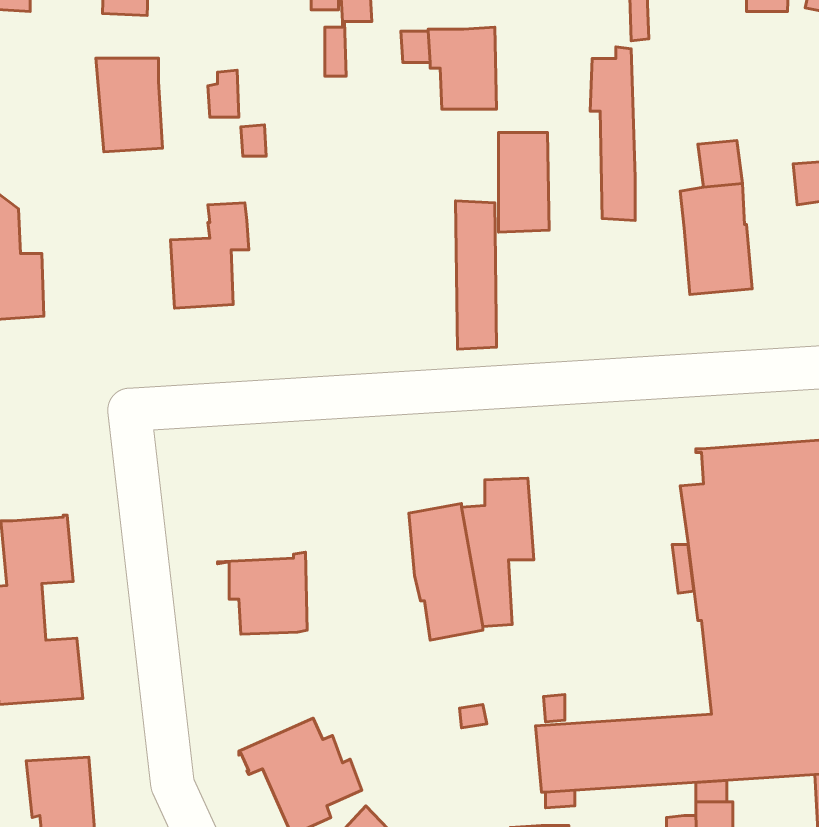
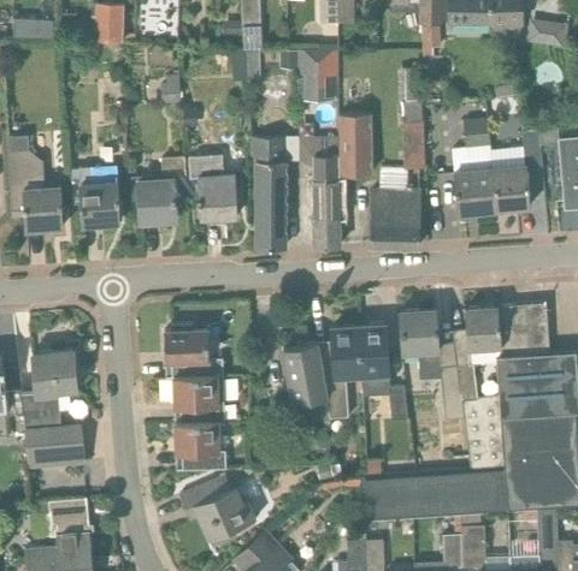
building: [96,58,162,152] -> [78,168,119,226]
building: none -> [250,137,297,249]
building: none -> [189,156,237,219]
building: none -> [493,167,530,210]
building: none -> [370,190,419,246]
building: none -> [400,309,438,380]
building: none -> [164,325,223,379]
building: none -> [358,325,407,421]
building: none -> [175,422,224,471]

